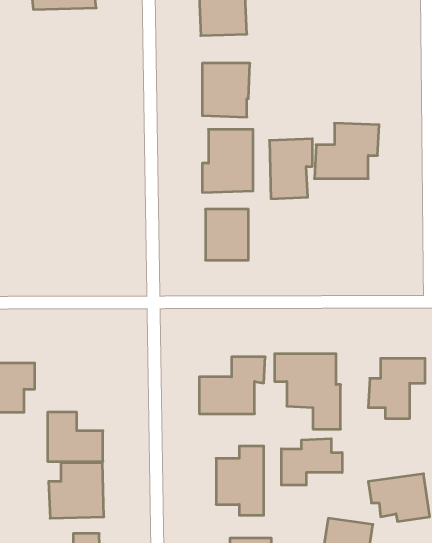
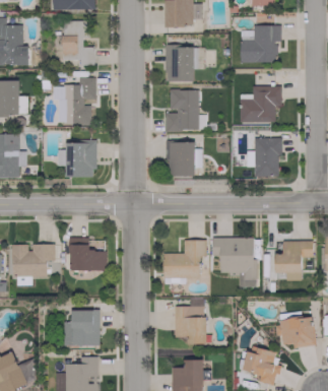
building: none -> [62,20,95,65]
building: none -> [241,25,280,62]
building: none -> [63,77,96,125]
building: [269,139,312,199] -> [254,137,282,177]
building: none -> [58,140,96,178]
building: [48,412,103,461] -> [70,238,107,270]
building: [281,439,342,485] -> none

